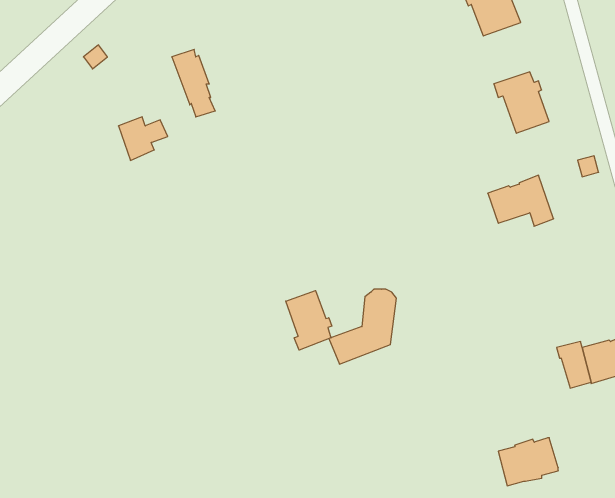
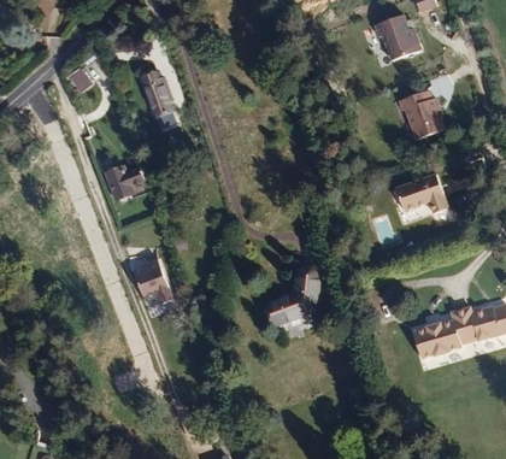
building: [118,117,168,160] -> [104,165,143,200]
building: none -> [131,260,170,305]
building: [286,291,332,350] -> none
building: [498,438,558,486] -> [412,320,460,359]

